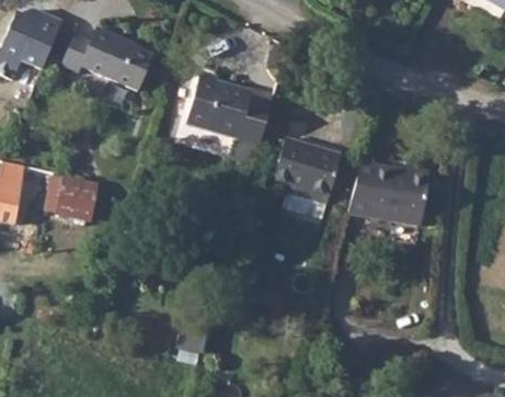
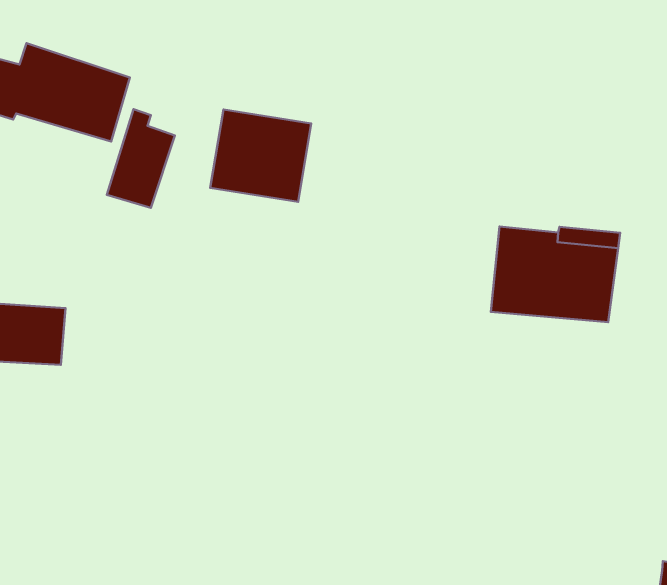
building: none -> [107,109,175,208]
building: [274,144,342,224] -> none

